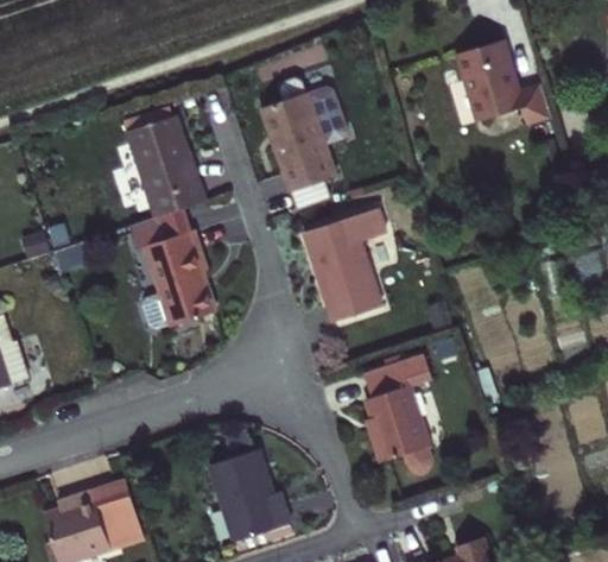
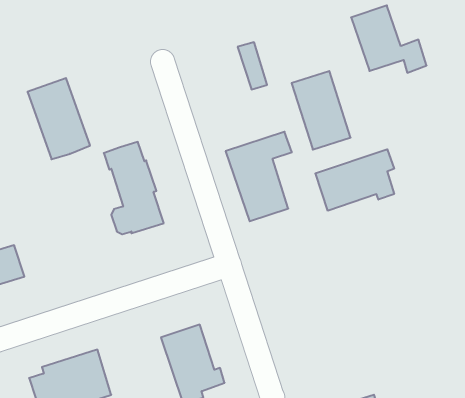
building: [255,83,331,184] -> [292,71,351,150]
building: [126,115,207,220] -> [27,78,90,159]
building: none -> [315,149,394,211]
building: [372,358,438,474] -> none

